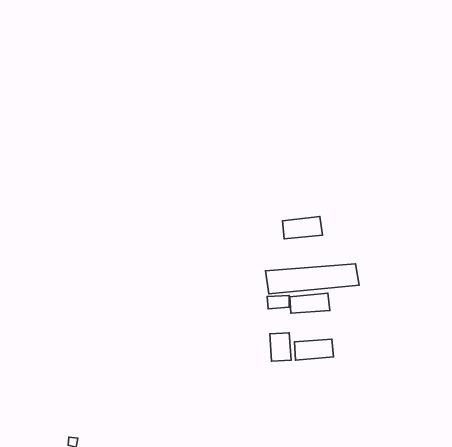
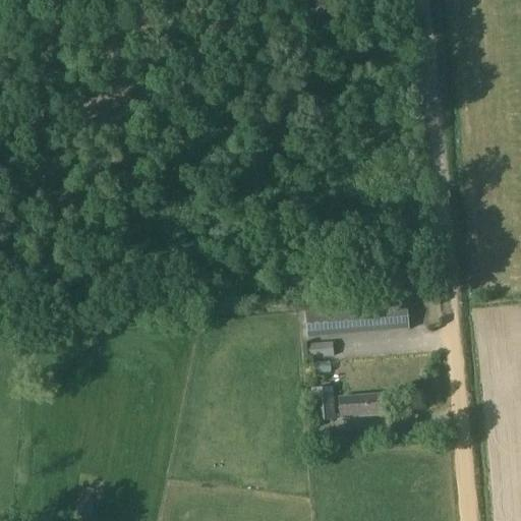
building: [283,216,322,239] -> none
building: [290,293,330,313] -> none

